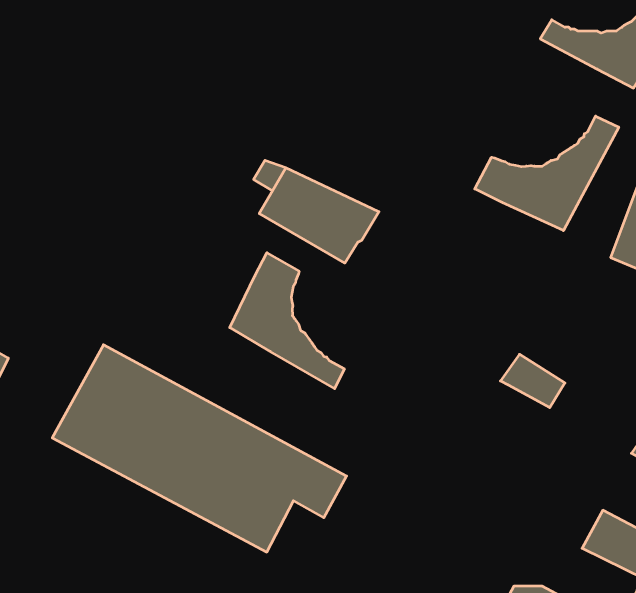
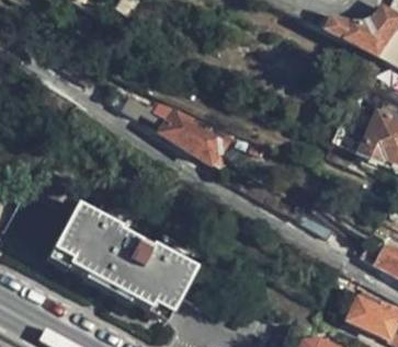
building: [475,116,619,231] -> none
building: [230,253,344,389] -> none

